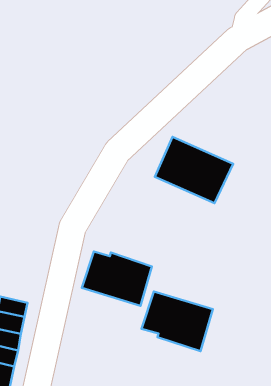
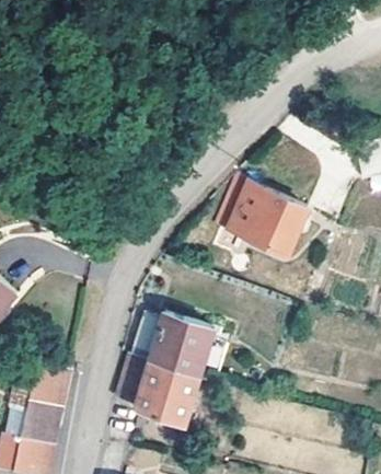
building: [142,291,213,351] -> [118,358,201,428]

